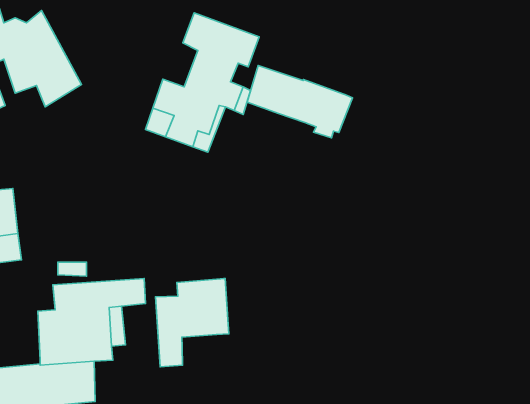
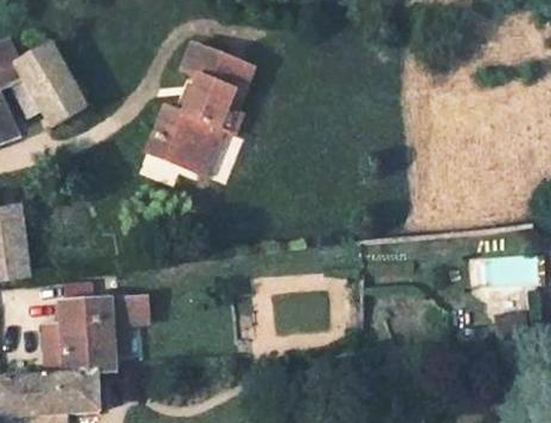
building: [247,66,352,138] -> none
building: [155,278,229,367] -> none

